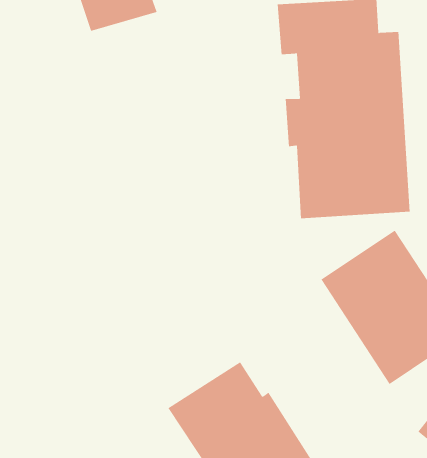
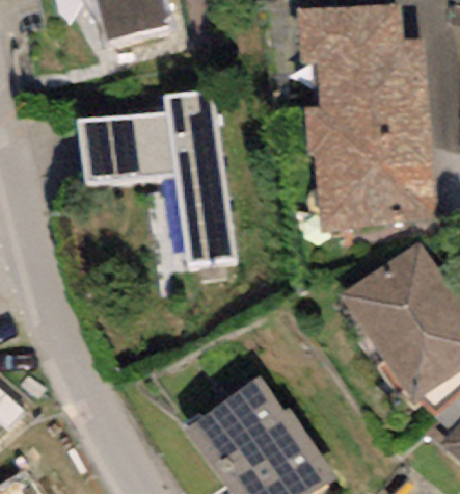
building: none -> [75,86,233,268]

